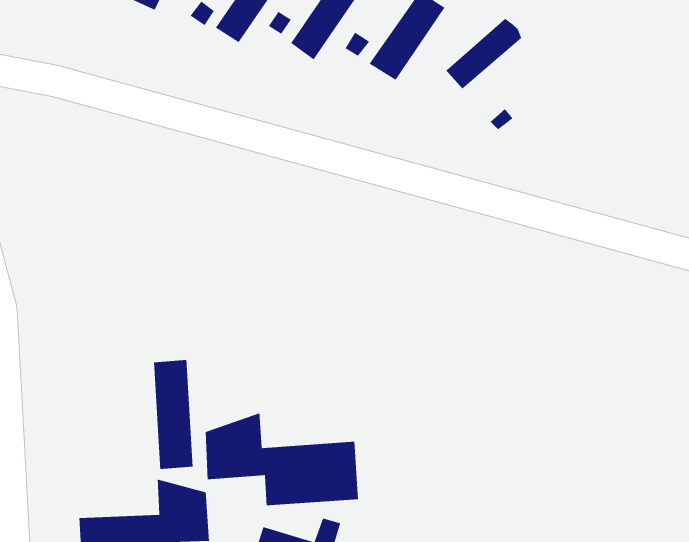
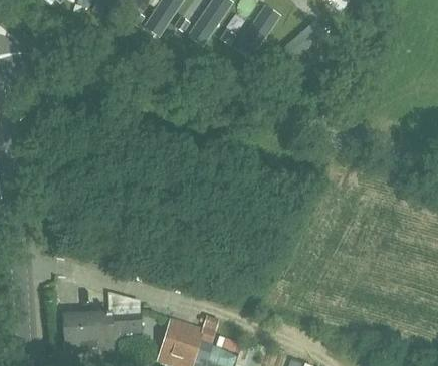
building: [153,359,193,470] -> none
building: [205,412,359,506] -> none

